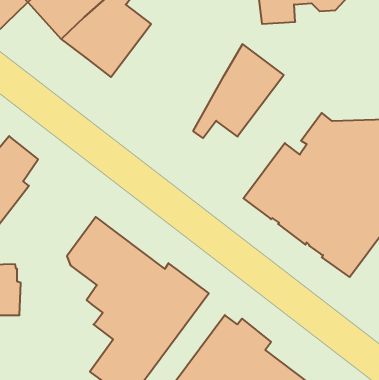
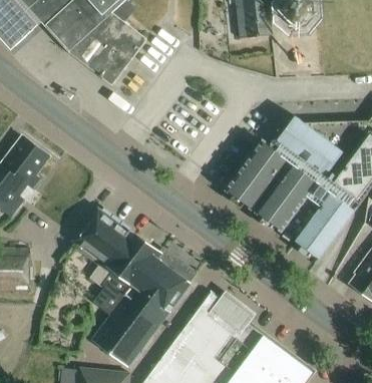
building: [193,44,284,138] -> none

